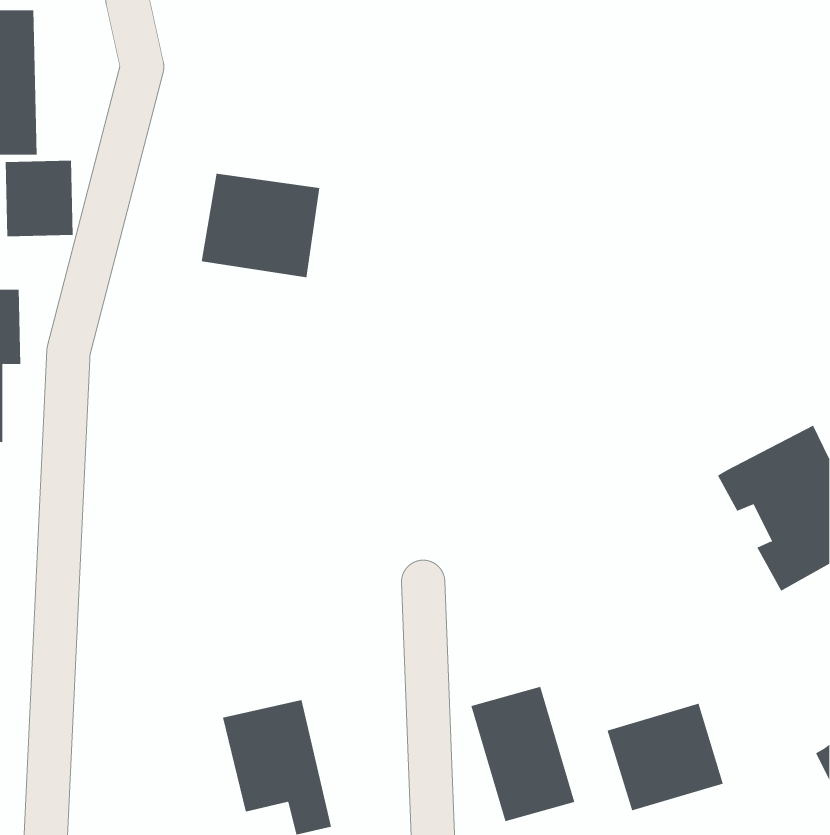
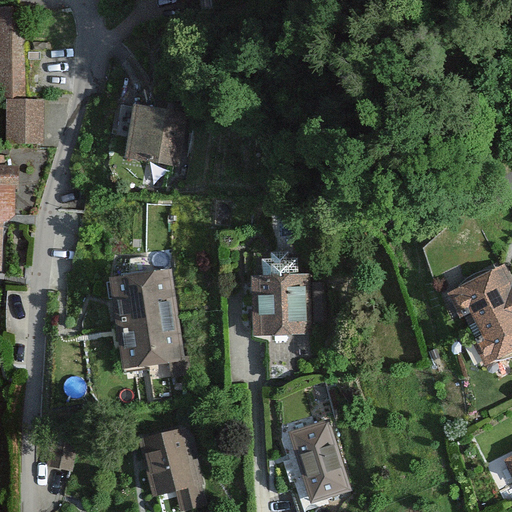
building: none -> [104,266,187,372]
building: none -> [249,272,314,335]
building: [607,703,724,811] -> none

